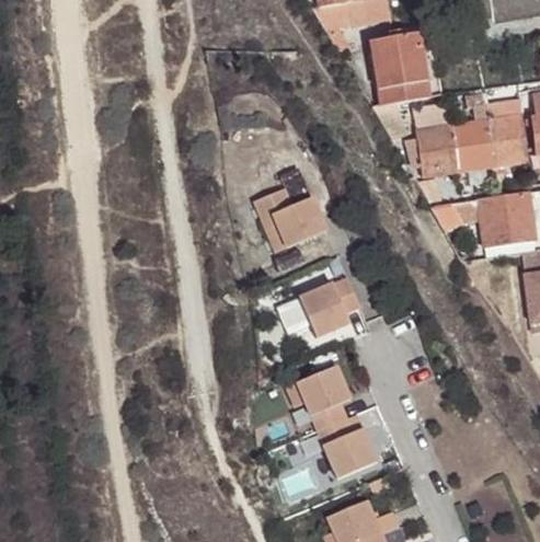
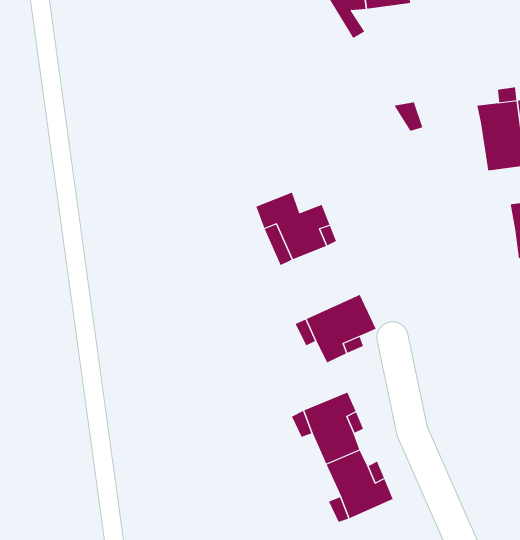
building: [372,32,432,104] -> none
building: [407,113,459,174] -> none
building: [432,198,483,232] -> none

